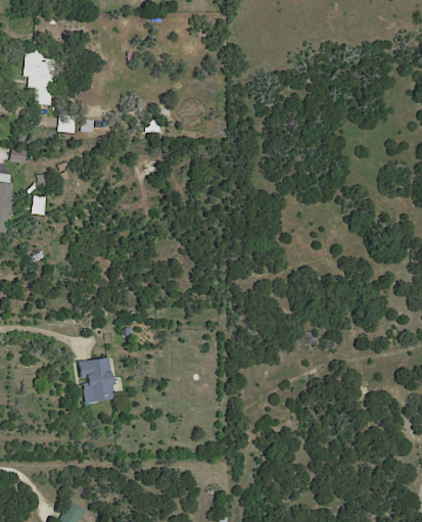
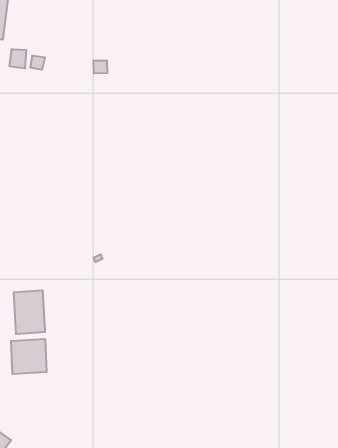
building: none -> [11,339,47,374]

